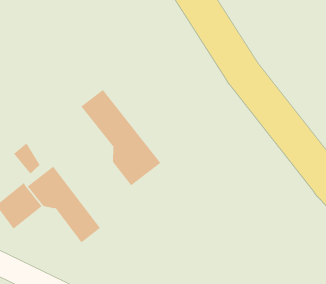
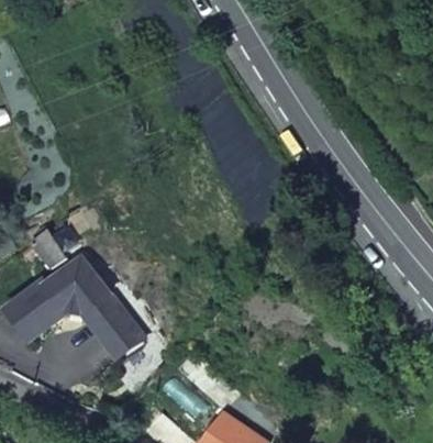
building: [80,89,161,186] -> none

